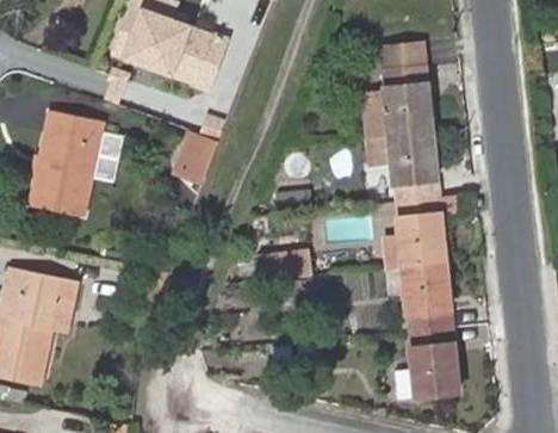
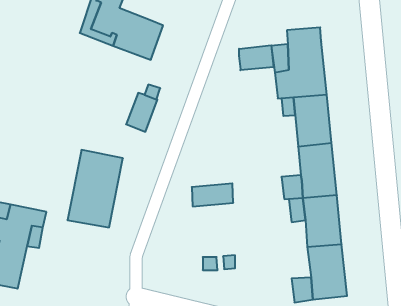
building: none -> [239,45,273,70]
building: [30,115,101,215] -> [67,150,123,227]

